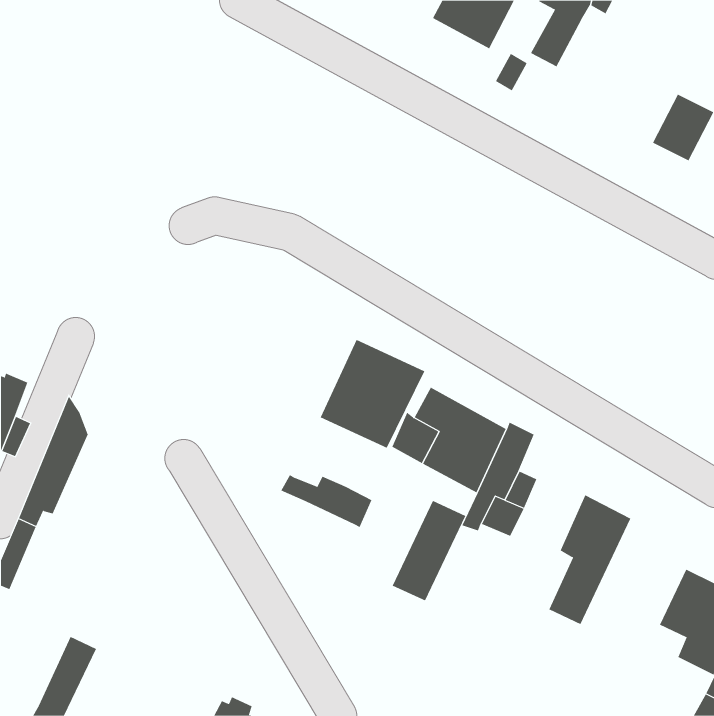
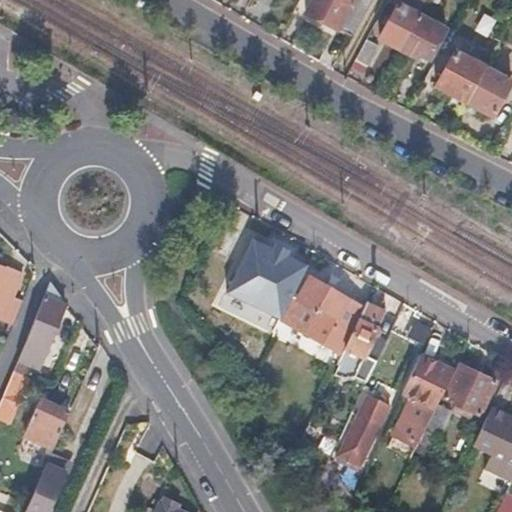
building: none -> [399,14,442,58]
building: none -> [424,33,500,102]
building: [280,474,372,528] -> none
building: [392,500,466,601] -> [336,395,389,467]
building: none -> [445,365,492,410]
building: none -> [23,402,69,450]

